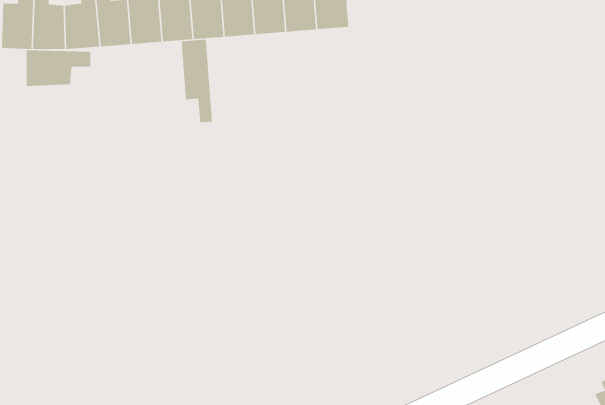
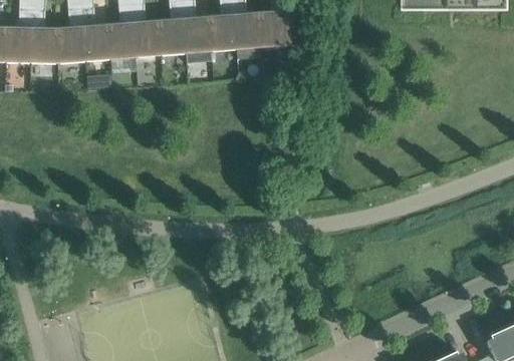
building: [181,39,213,123] -> none
building: [26,50,91,87] -> none

